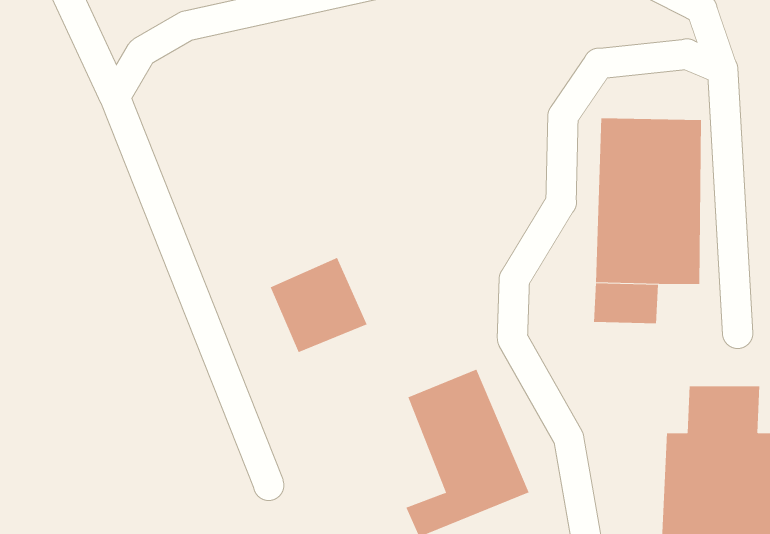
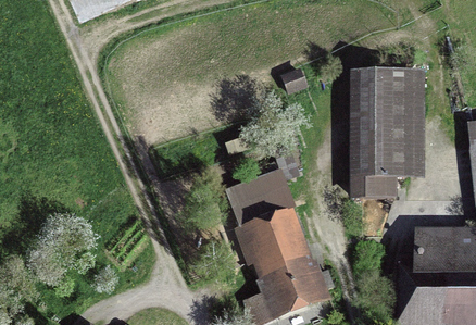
building: [270,257,367,353] -> [234,187,290,242]

